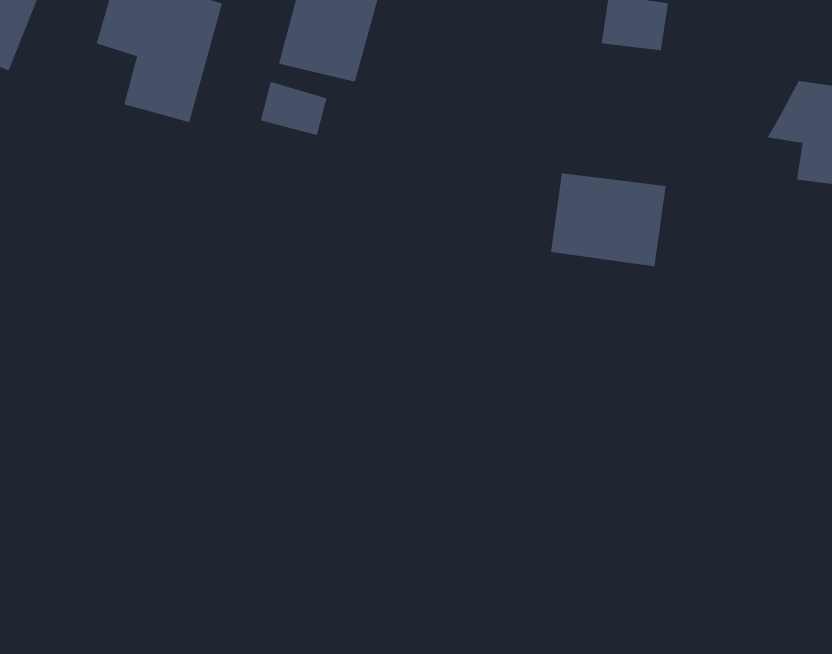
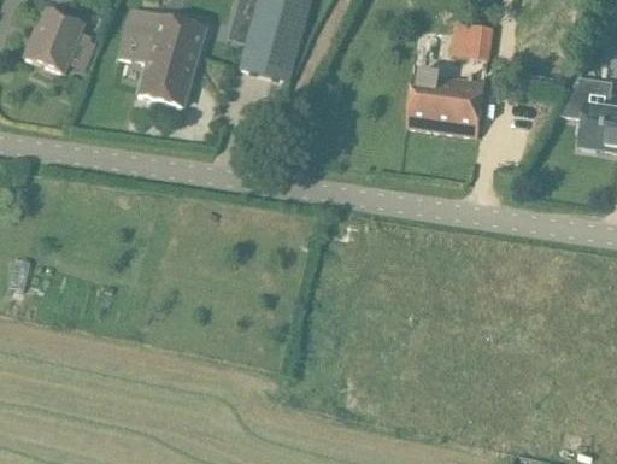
building: [260,81,327,136] -> none
building: [550,173,666,267] -> [407,71,483,133]

